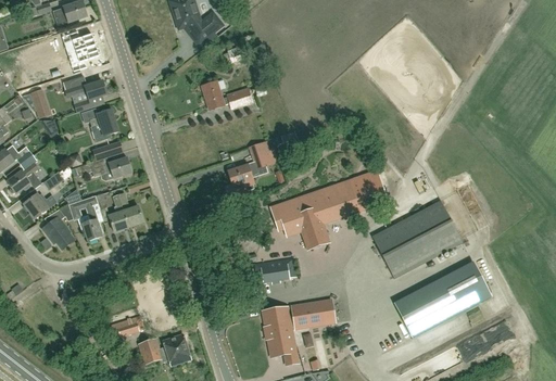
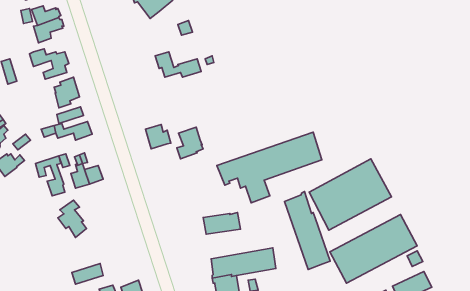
building: [249,141,277,168] -> [145,124,171,149]
building: [41,207,73,249] -> [58,200,86,237]
building: none -> [285,192,330,269]

